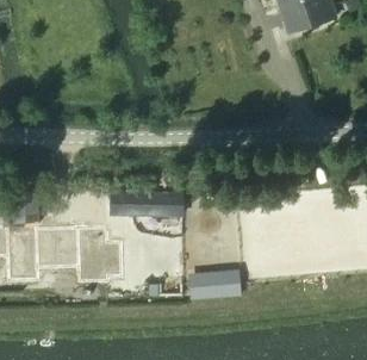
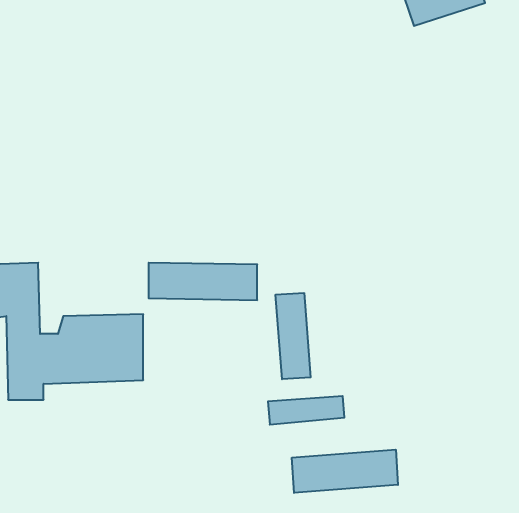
building: none -> [276,293,311,379]
building: none -> [292,450,398,493]

